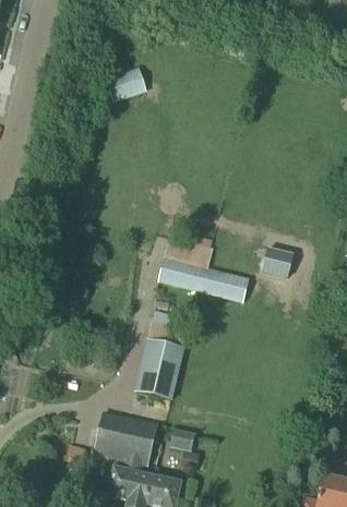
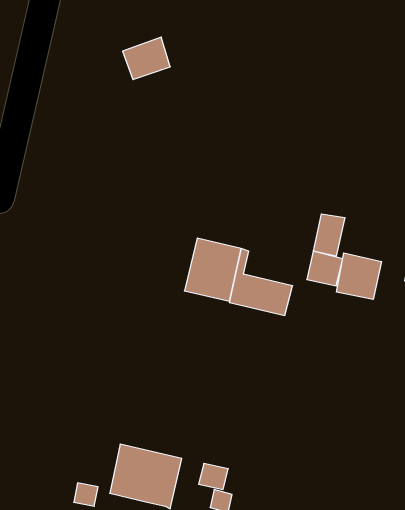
building: none -> [313,214,345,256]
building: none -> [337,253,382,299]
building: [136,310,187,399] -> none

